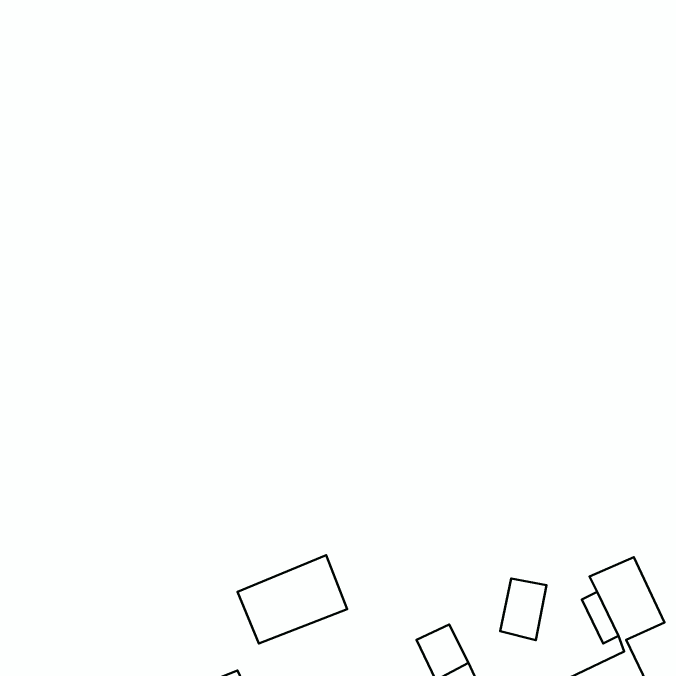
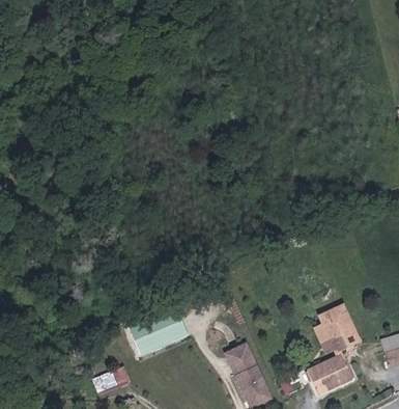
building: [500,578,546,640] -> none

